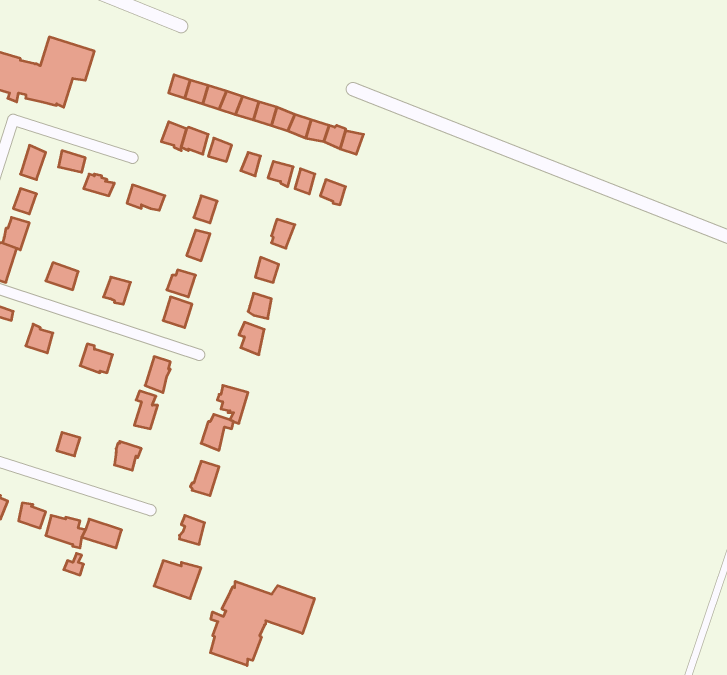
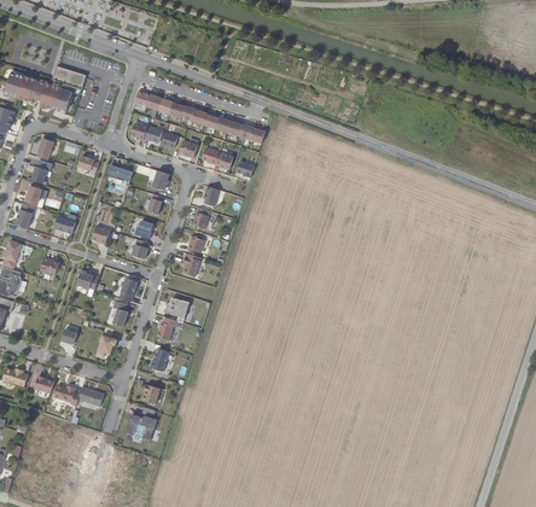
building: [210,581,314,666] -> none

